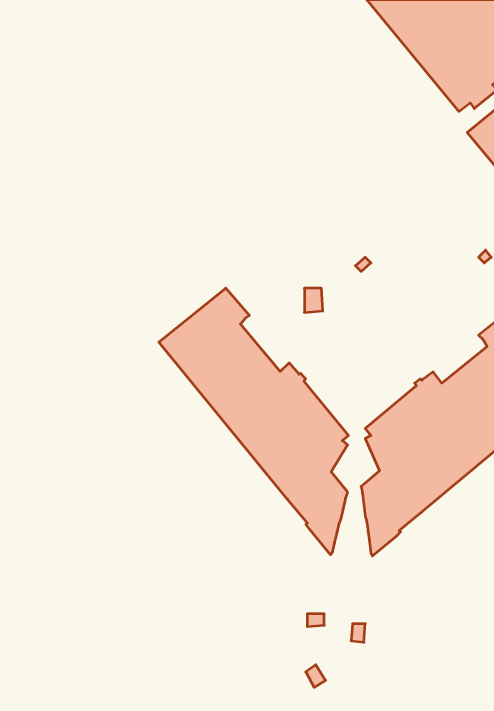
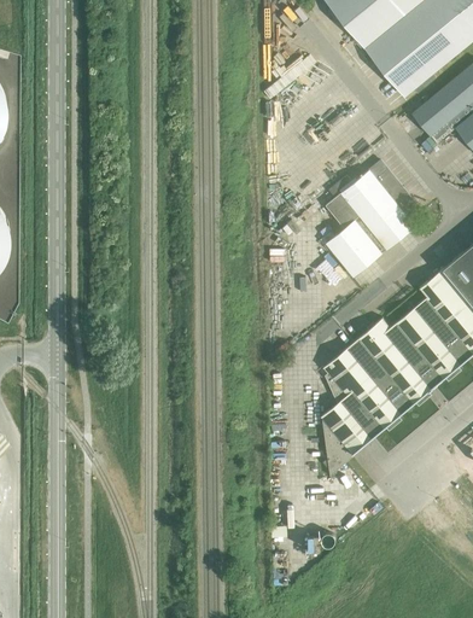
building: none -> [325,161,417,276]
building: [159,288,348,555] -> none

